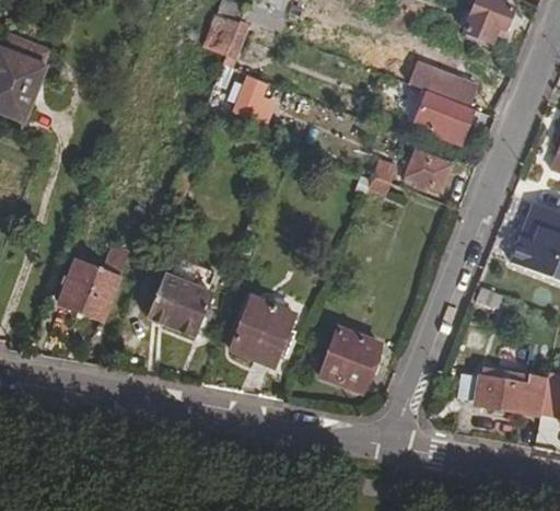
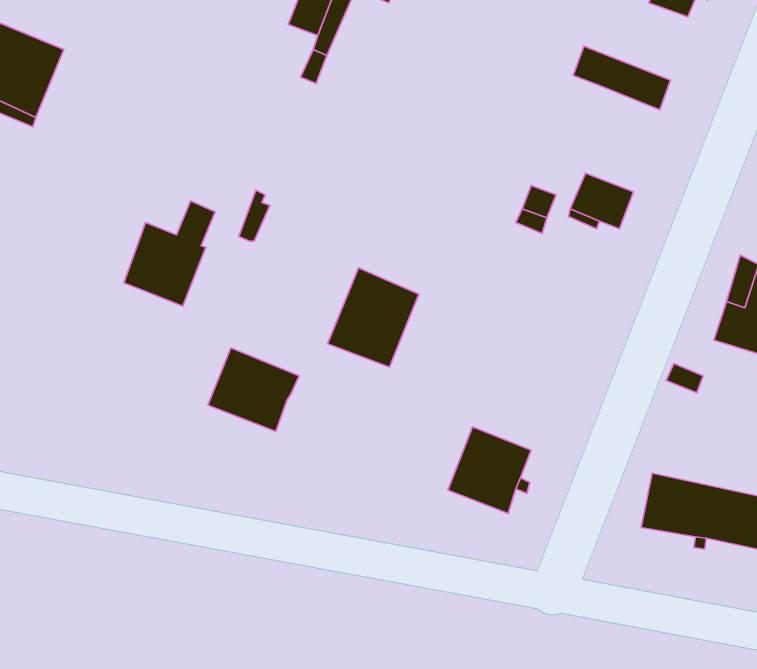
building: [236,79,273,124] -> none
building: [413,89,479,139] -> none
building: [60,246,125,321] -> [124,201,215,306]
building: [232,292,296,362] -> [328,268,419,367]

